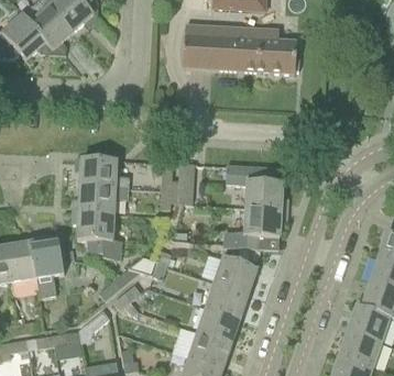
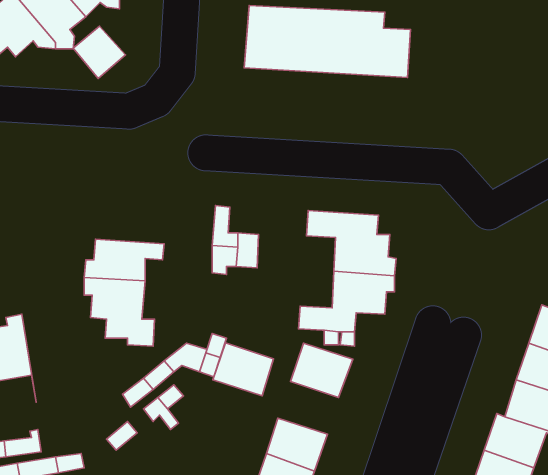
building: none -> [73,26,125,79]
building: [75,157,128,188] -> none
building: [30,235,64,297] -> none
building: [206,283,248,319] -> [213,343,274,396]

